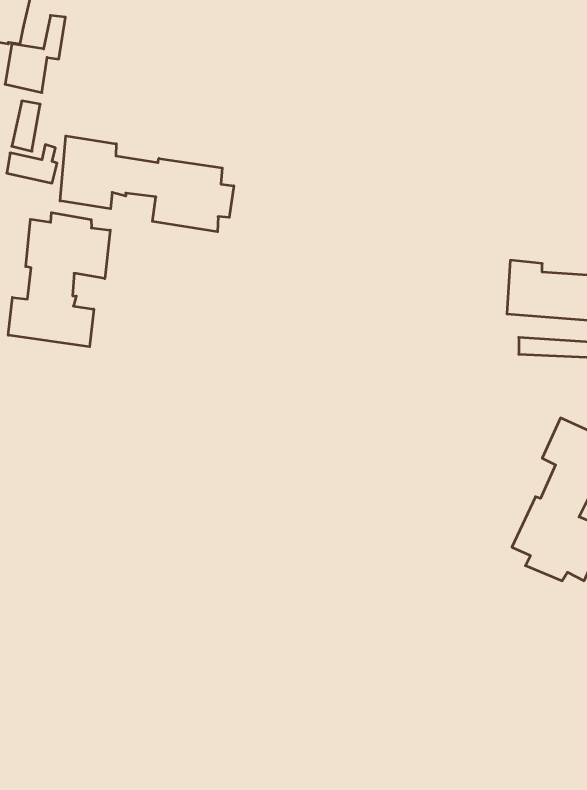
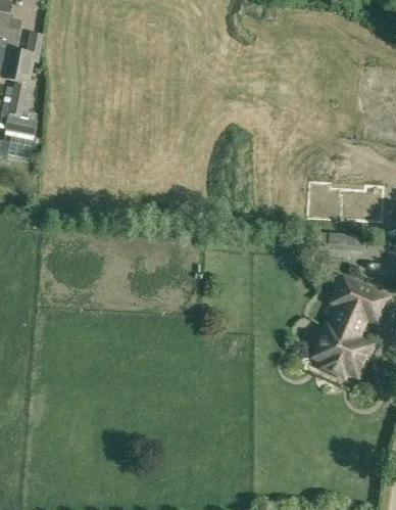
building: [60,136,234,232] -> none
building: [8,213,110,347] -> none

